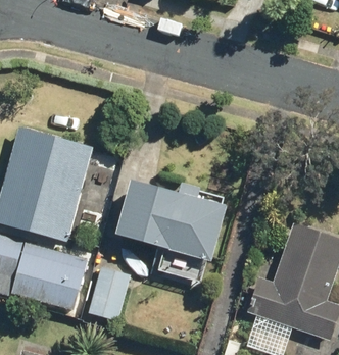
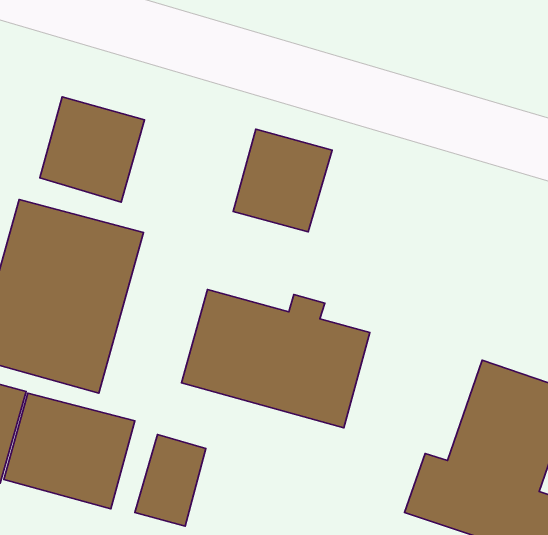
building: none -> [40,97,144,202]
building: none -> [233,129,332,232]

